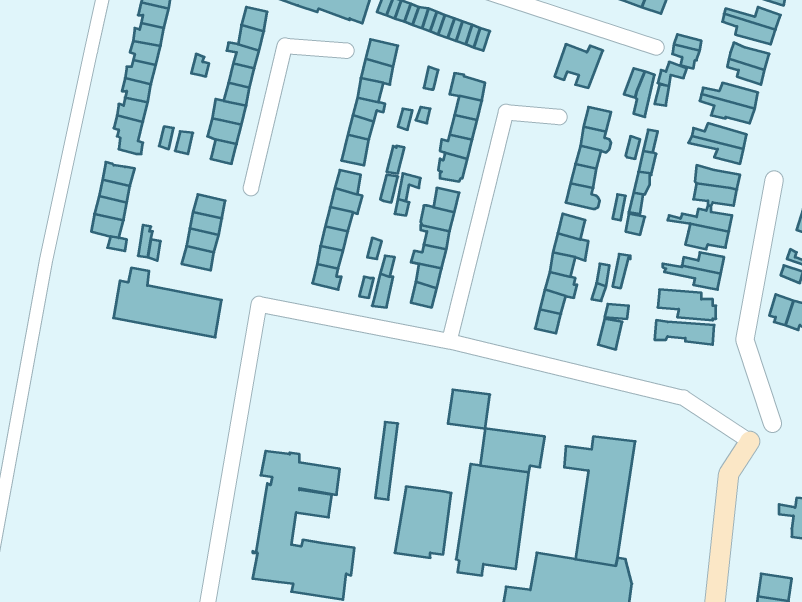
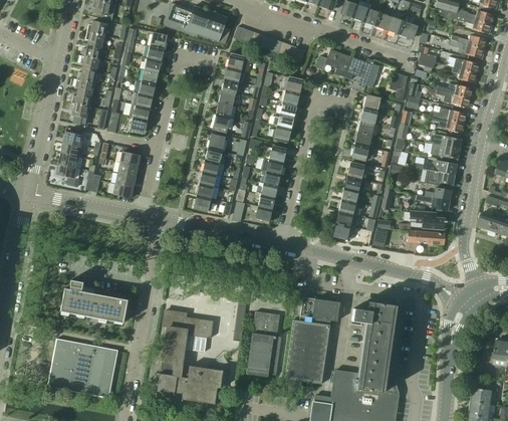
building: none -> [316,49,352,77]
building: [113,268,222,337] -> [60,279,128,323]
building: [448,390,490,428] -> [253,311,279,336]
building: none -> [48,339,117,398]

